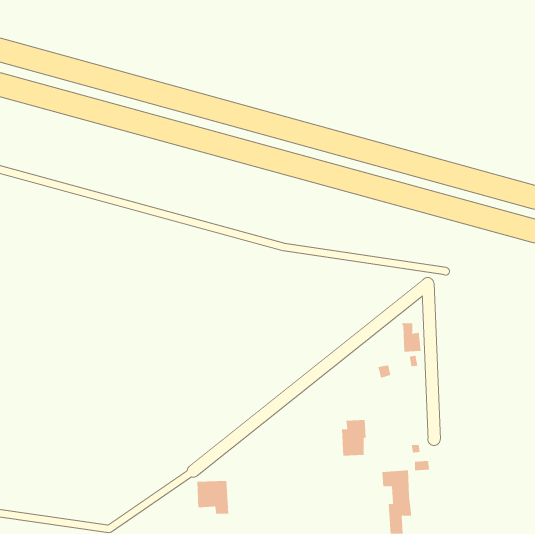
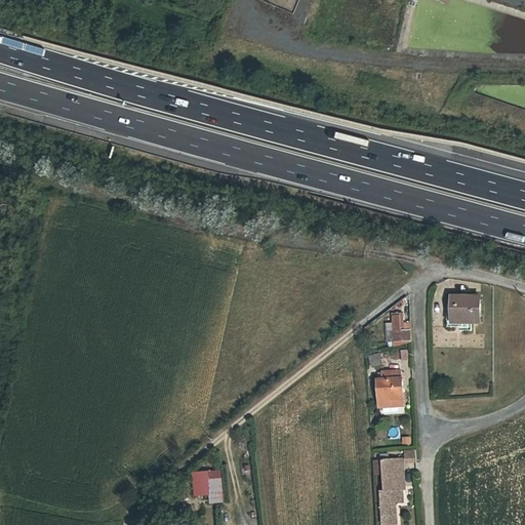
building: none -> [446,291,479,323]
building: [341,419,367,456] -> [377,373,402,409]

